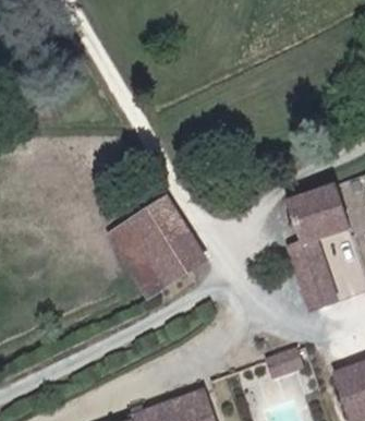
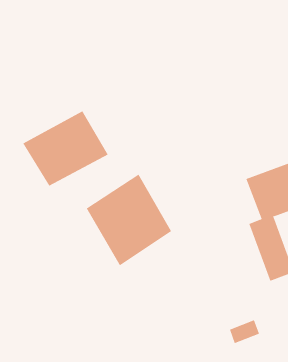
building: none -> [23,110,109,187]

